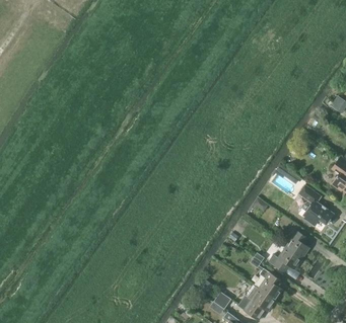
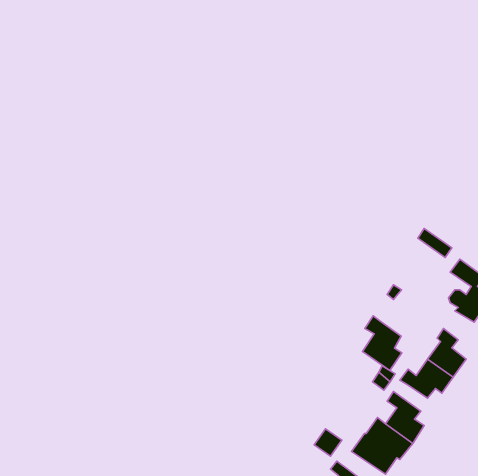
building: none -> [362,316,402,370]

